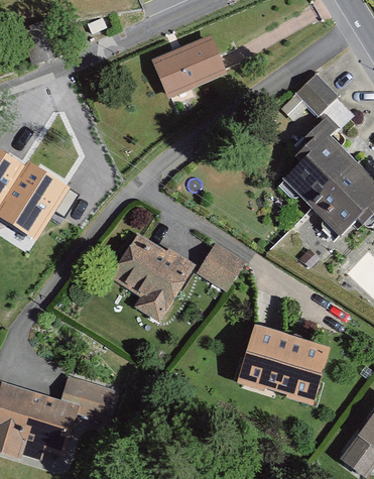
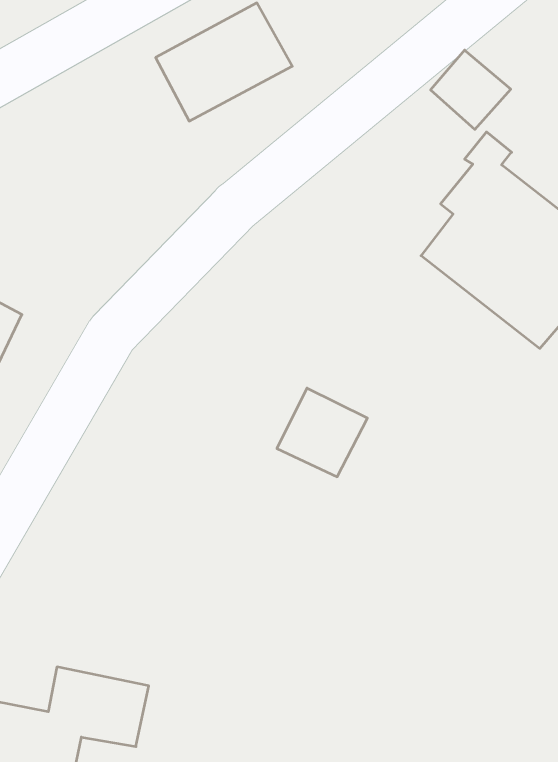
building: [108,233,194,321] -> none
building: [242,331,326,399] -> none

